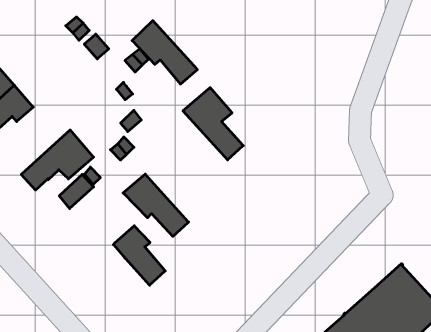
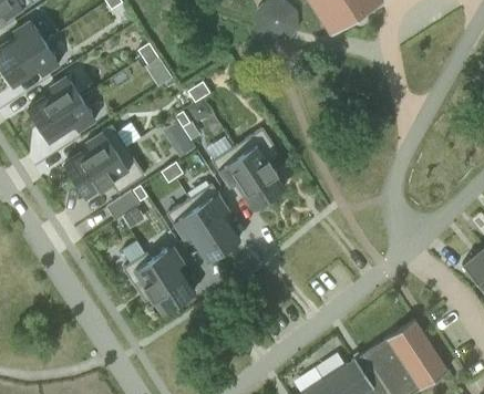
building: [132,21,197,84] -> [213,147,269,210]
building: none -> [64,126,127,183]
building: none -> [190,185,240,251]
building: none -> [123,241,178,314]

